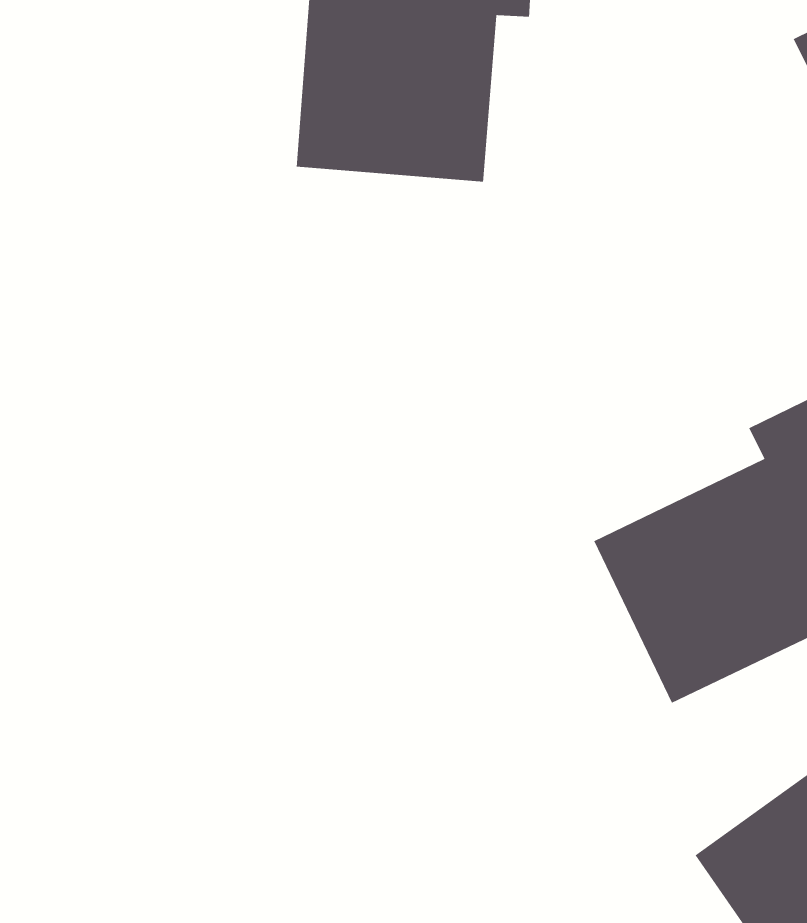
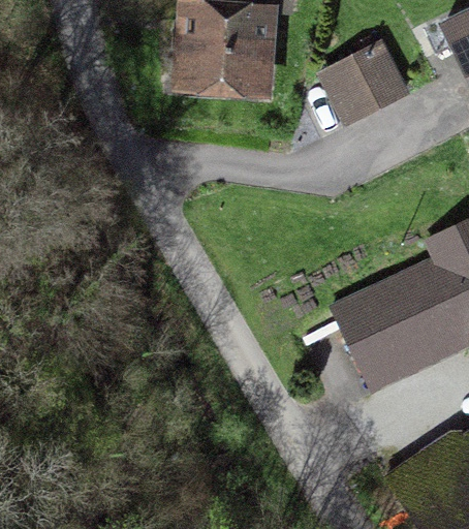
building: none -> [319,31,413,130]

